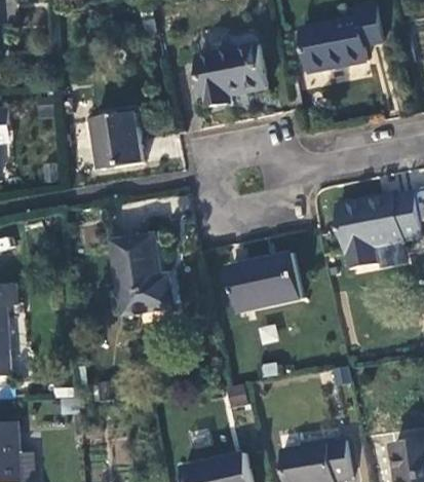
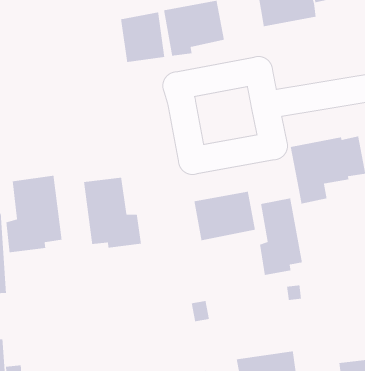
building: [92,108,143,165] -> [120,12,165,63]
building: none -> [5,175,63,253]
building: none -> [259,197,303,276]

